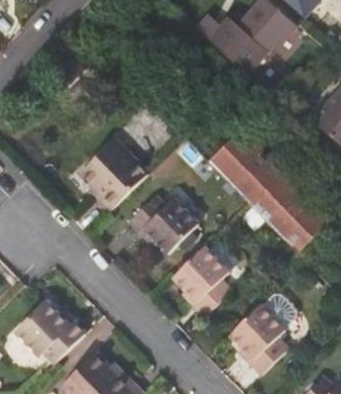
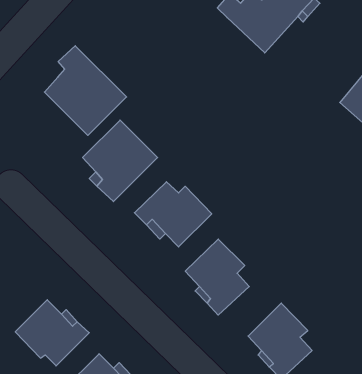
building: none -> [44,46,127,135]
building: [208,131,327,252] -> none

